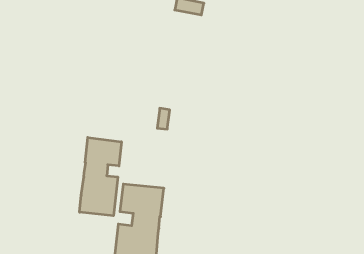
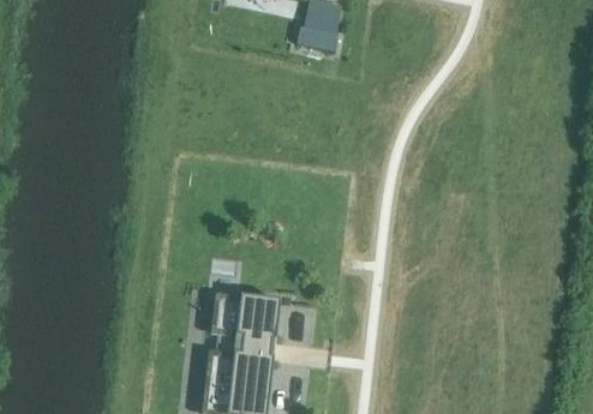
building: [80,137,121,216] -> none

